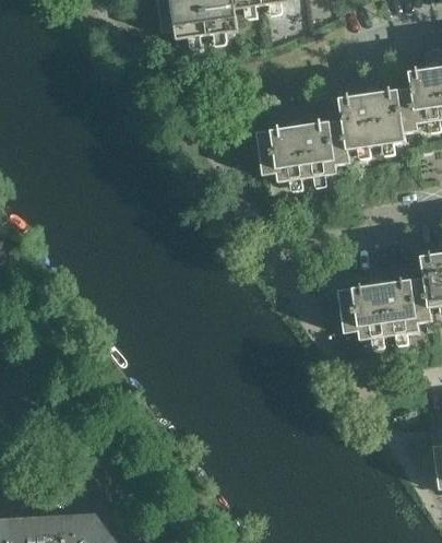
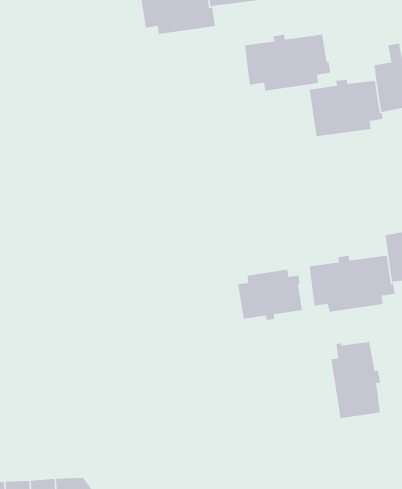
building: [258,119,351,181] -> [244,34,331,91]
building: none -> [237,269,303,321]
building: none -> [330,341,381,419]

